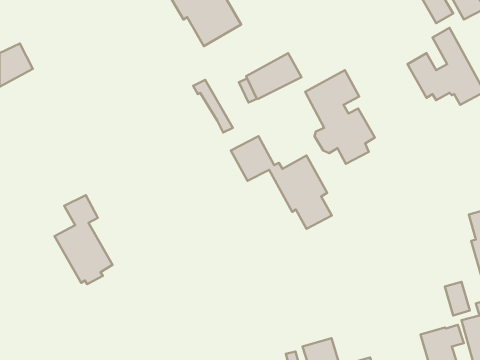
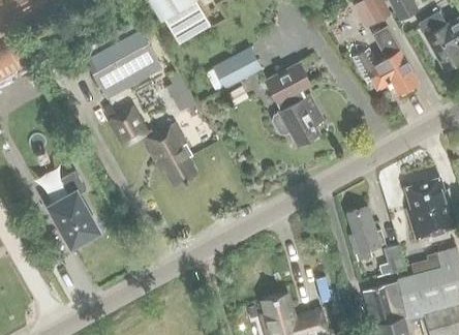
building: none -> [85,30,160,98]
building: [231,136,332,229] -> [110,106,196,186]
building: none -> [346,206,386,262]

